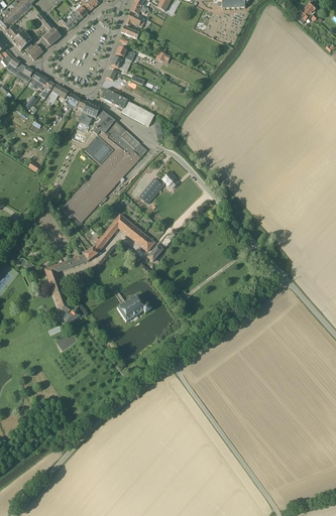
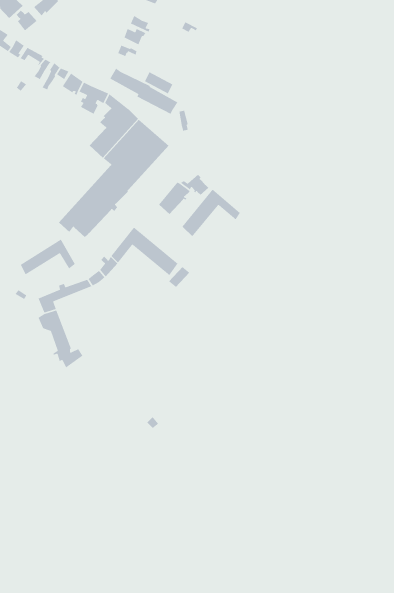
building: none -> [181,189,241,237]
building: none -> [20,239,76,275]
building: [116,294,151,321] -> none

